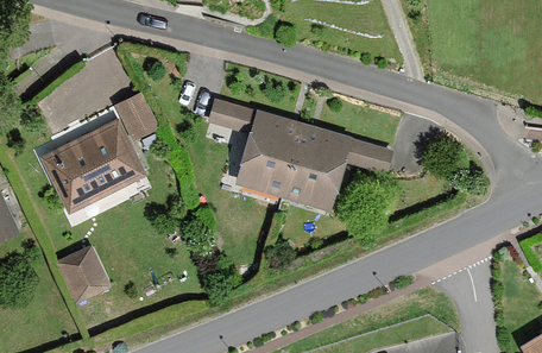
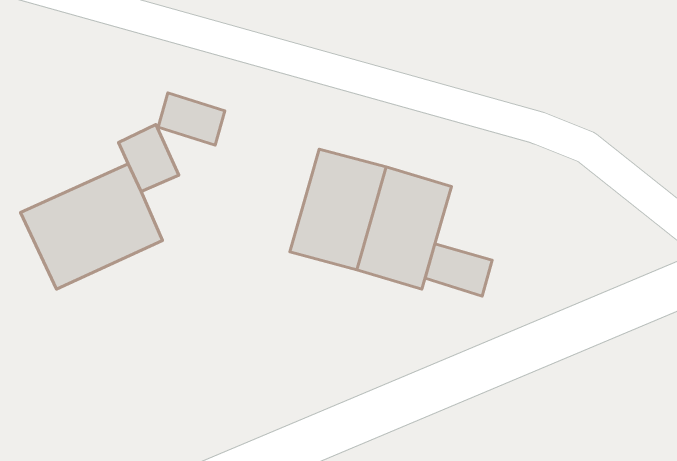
building: [208,97,257,135] -> [158,93,225,145]
building: [346,138,395,176] -> [425,244,492,296]
building: [57,246,112,307] -> none

